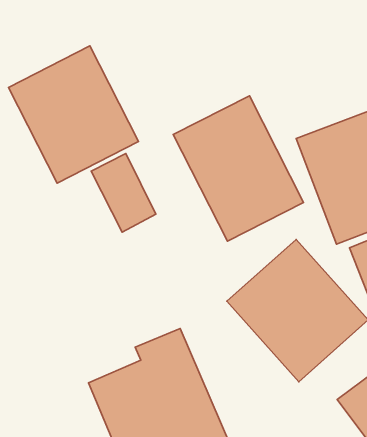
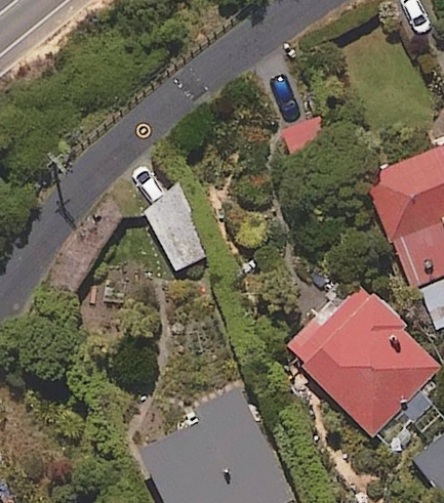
building: [9,46,139,183] -> none
building: [173,96,304,241] -> none

